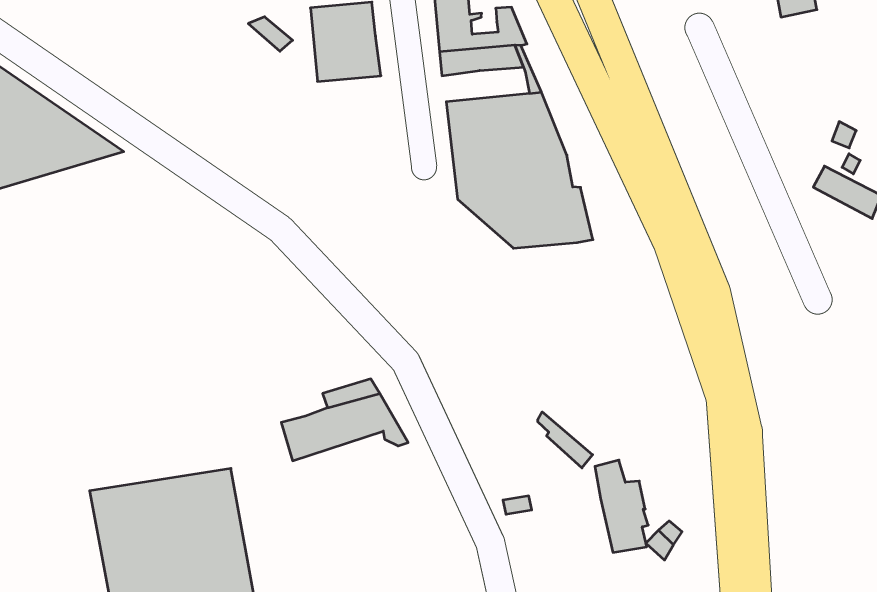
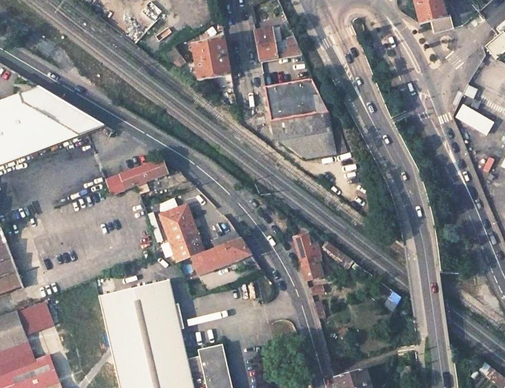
building: none -> [105,159,166,195]
building: none -> [160,204,204,260]
building: [595,460,648,552] -> [293,233,322,280]

